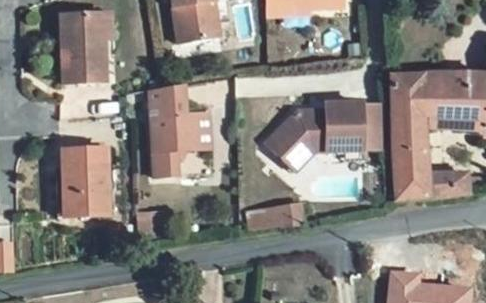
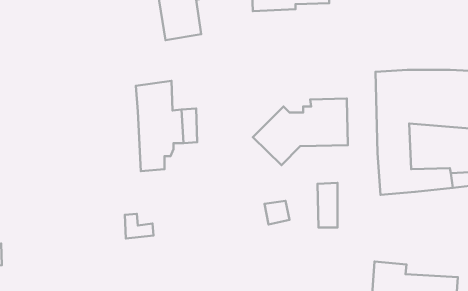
building: [60,13,105,83] -> none
building: [361,103,381,148] -> [318,183,337,227]
building: [61,146,107,216] -> none

